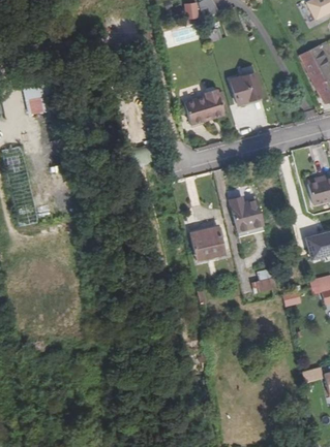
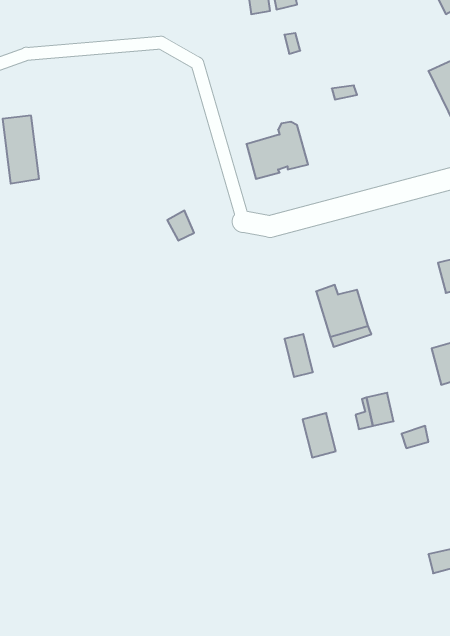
building: [232,81,264,111] -> none
building: [192,230,214,259] -> [303,413,336,457]

